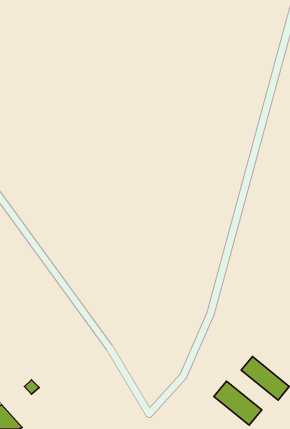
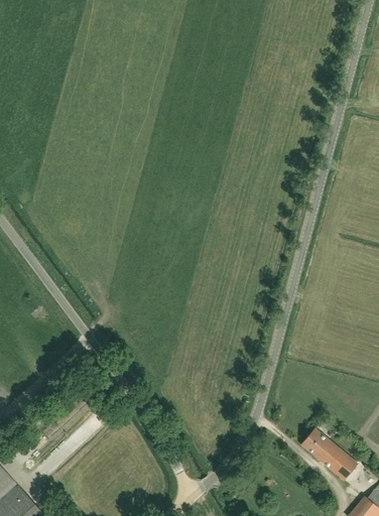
building: [214,381,262,425] -> none

